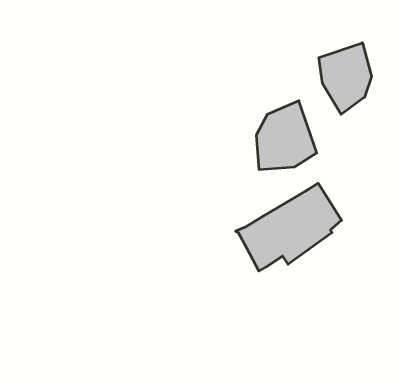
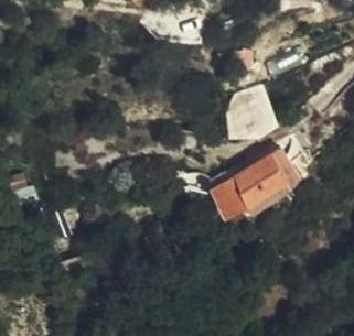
building: [319,43,372,114] -> none

